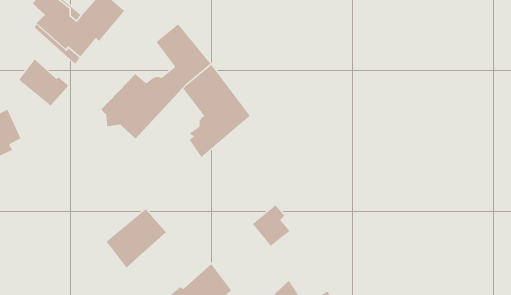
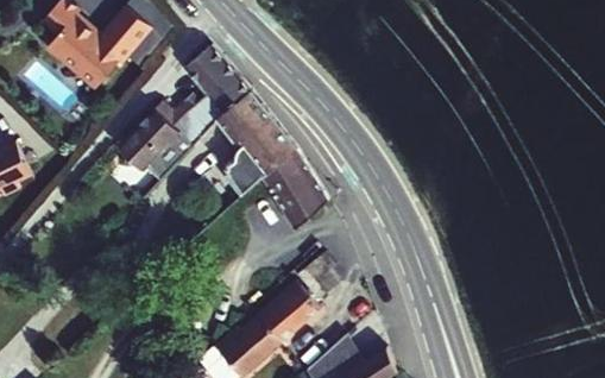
building: [18,59,69,107] -> none
building: none -> [261,150,327,229]
building: [105,208,167,268] -> [250,281,320,349]

